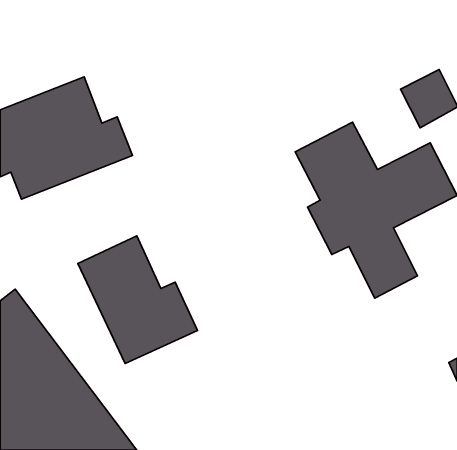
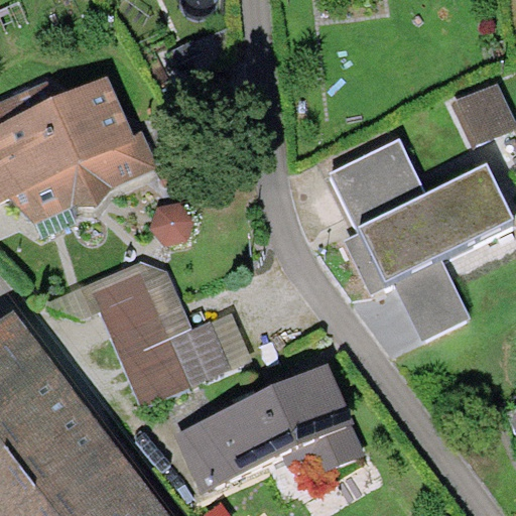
building: none -> [179,362,367,491]

